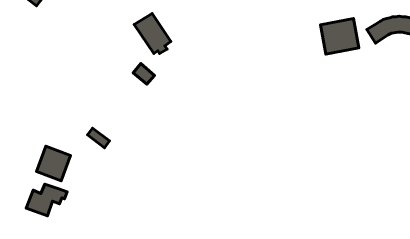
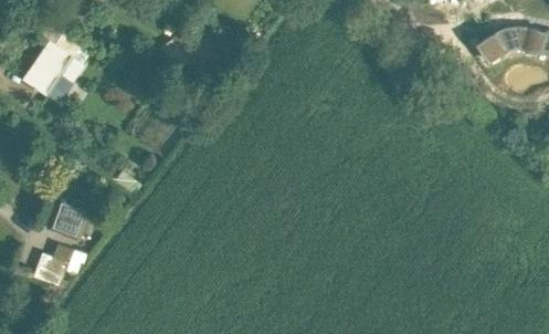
building: [321,19,359,54] -> none
building: none -> [22,41,80,103]

